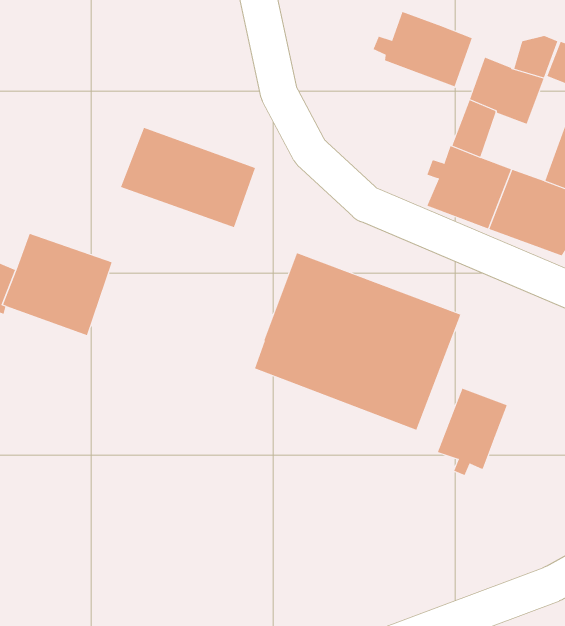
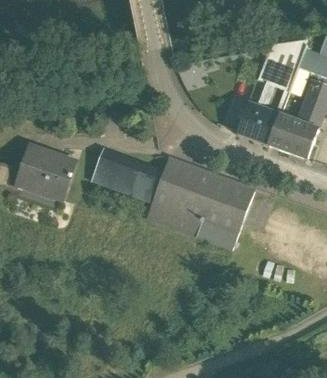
building: [373,11,472,87] -> none
building: [120,127,256,228] -> [90,150,160,202]
building: [437,388,508,476] -> none

